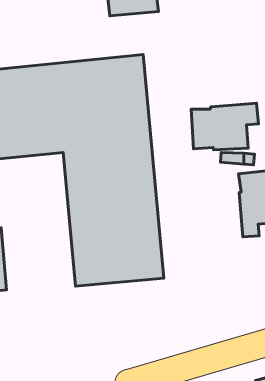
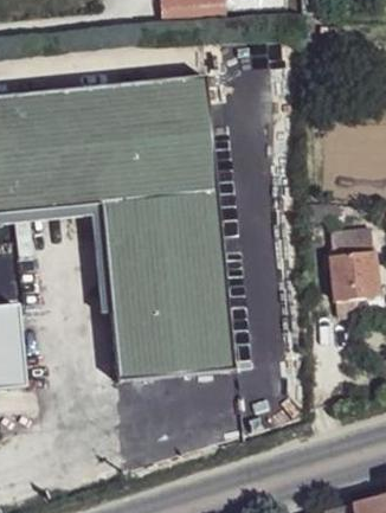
building: [191,103,259,150] -> none

